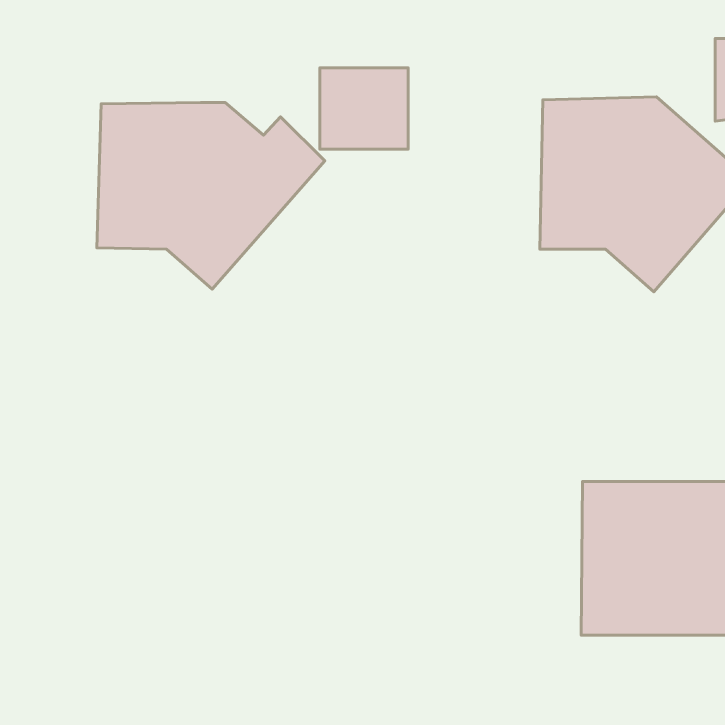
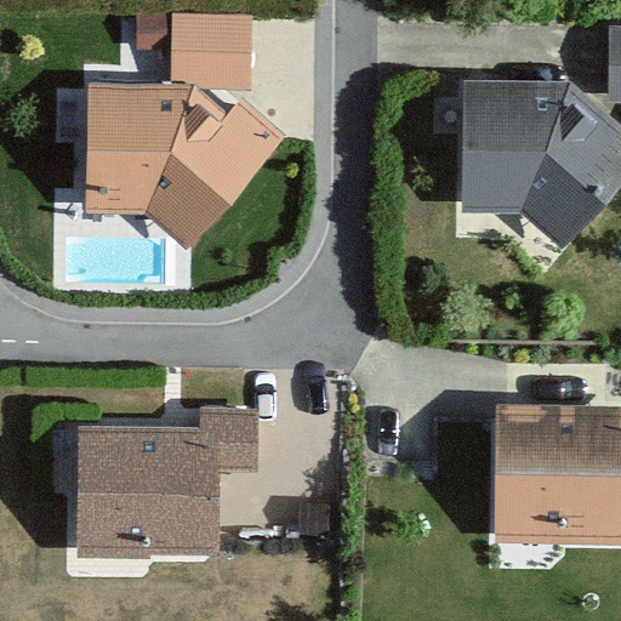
building: [320,68,408,149] -> [173,18,249,87]
building: none -> [76,410,252,553]

